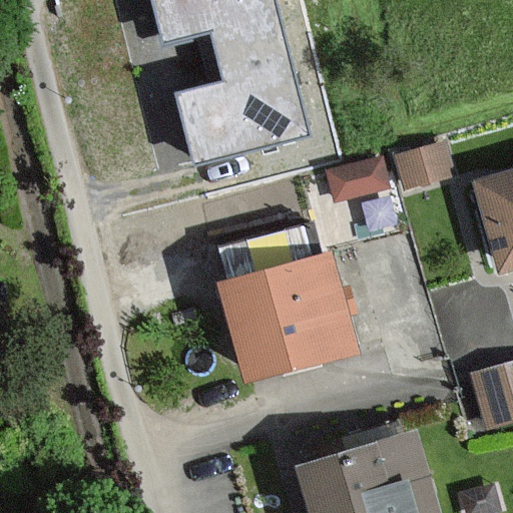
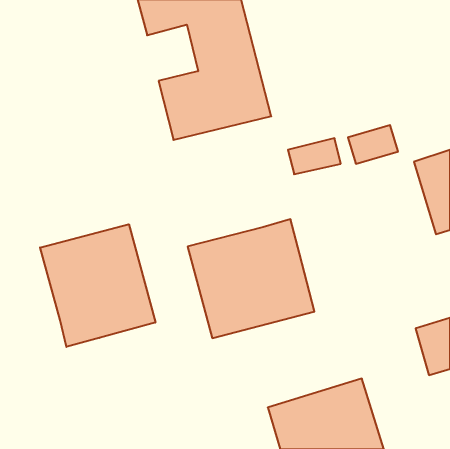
building: none -> [40,224,155,347]

